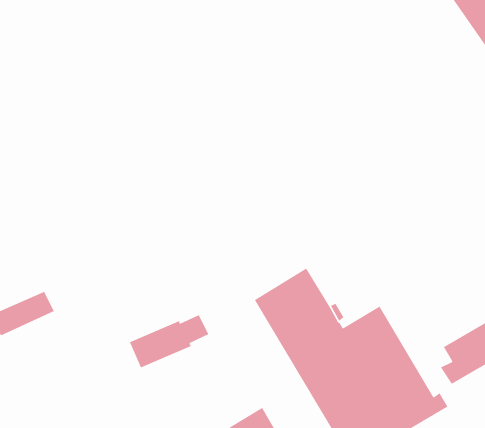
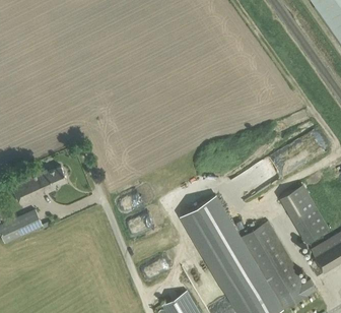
building: none -> [280,186,327,243]
building: [129,314,209,368] -> [11,166,67,203]

